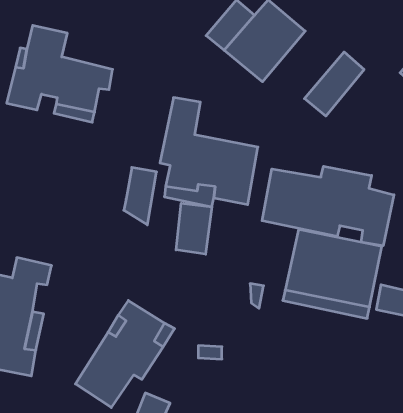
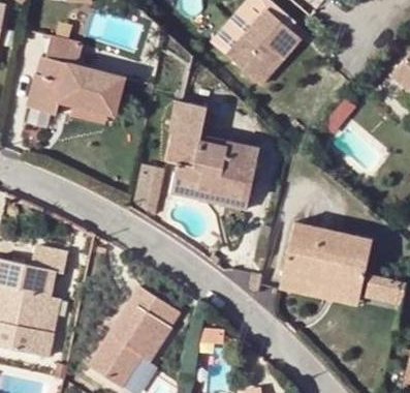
building: [304,52,364,116] -> none
building: [262,166,394,246] -> none
building: [176,203,212,254] -> none

